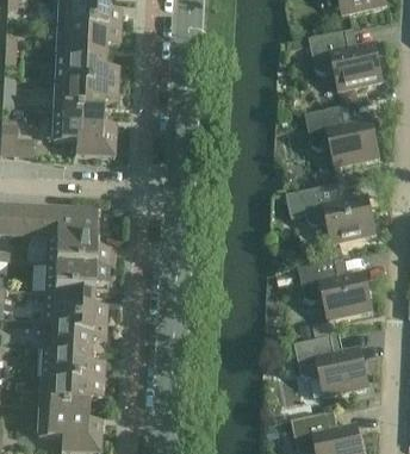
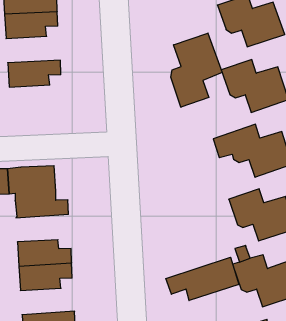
building: [55,51,118,83] -> none
building: none -> [171,33,222,107]
building: [52,108,114,155] -> none
building: [44,262,107,293] -> none
building: none -> [166,257,239,301]
building: [41,348,102,379] -> none

